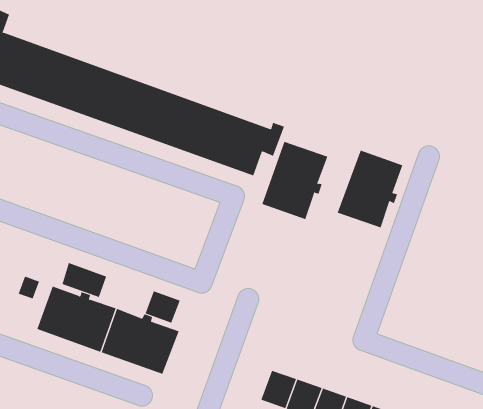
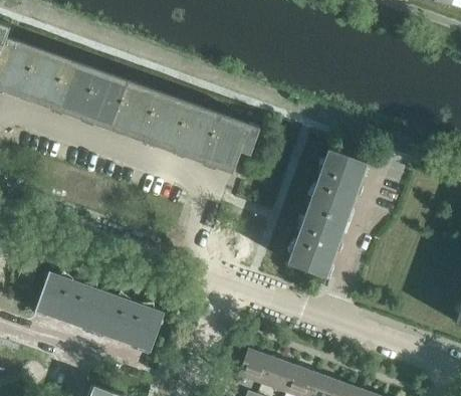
building: [262,141,328,220] -> [287,205,348,276]
building: [62,262,107,298] -> none
building: [145,291,180,323] -> none

